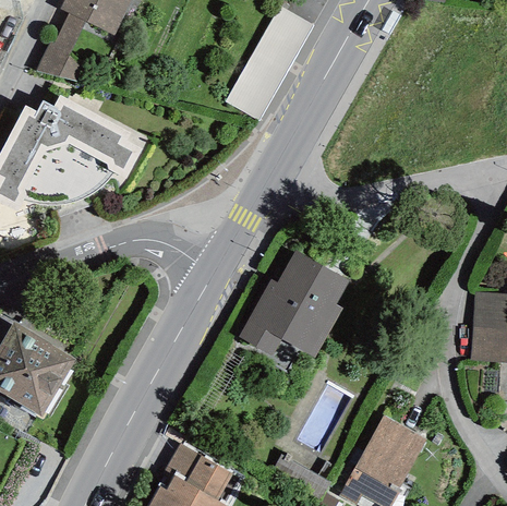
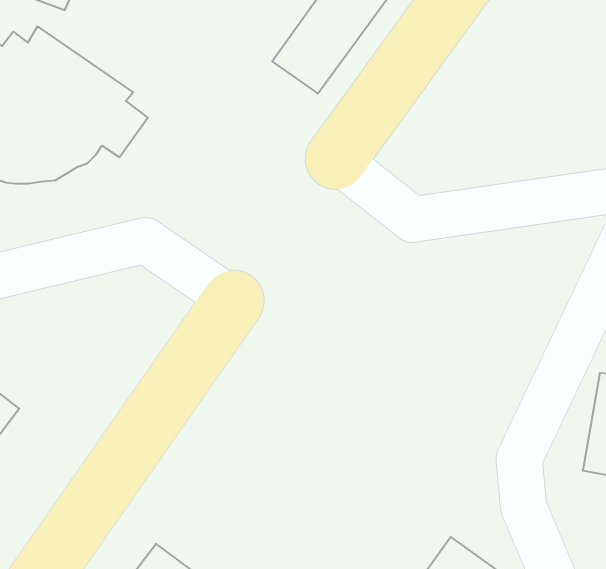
building: [239,250,350,357] -> none

